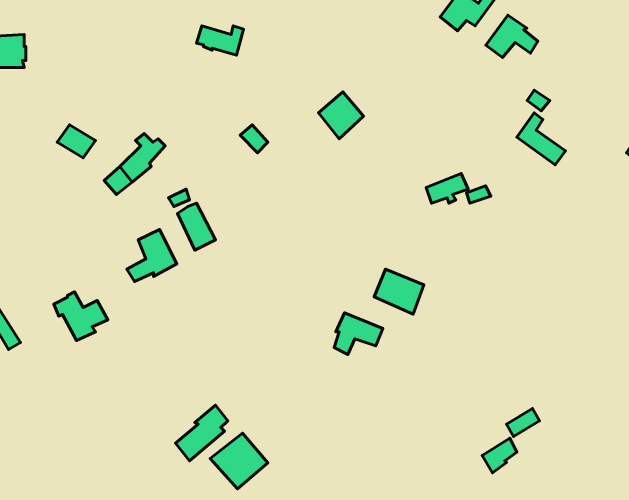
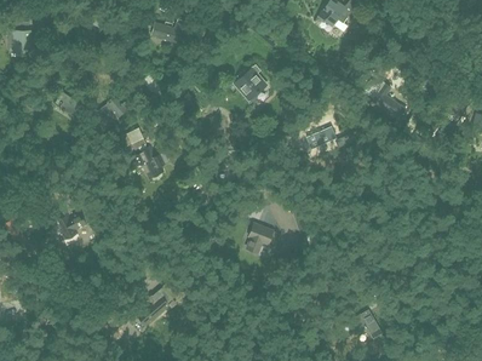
building: [486,15,538,57] -> none
building: [127,229,177,281] -> none
building: [374,269,424,314] -> none
building: [210,433,268,489] -> none

